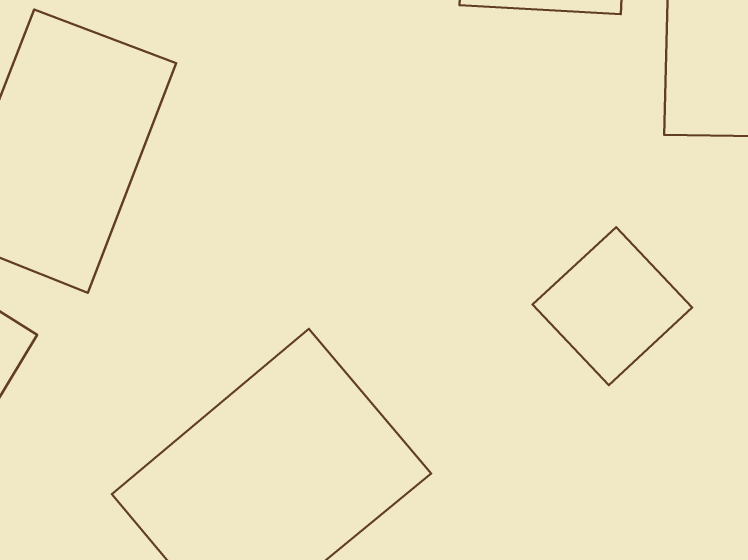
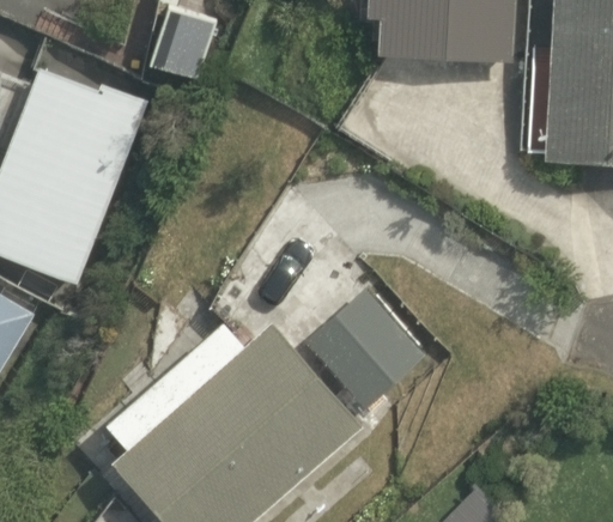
building: [533,227,692,385] -> [303,285,431,412]

